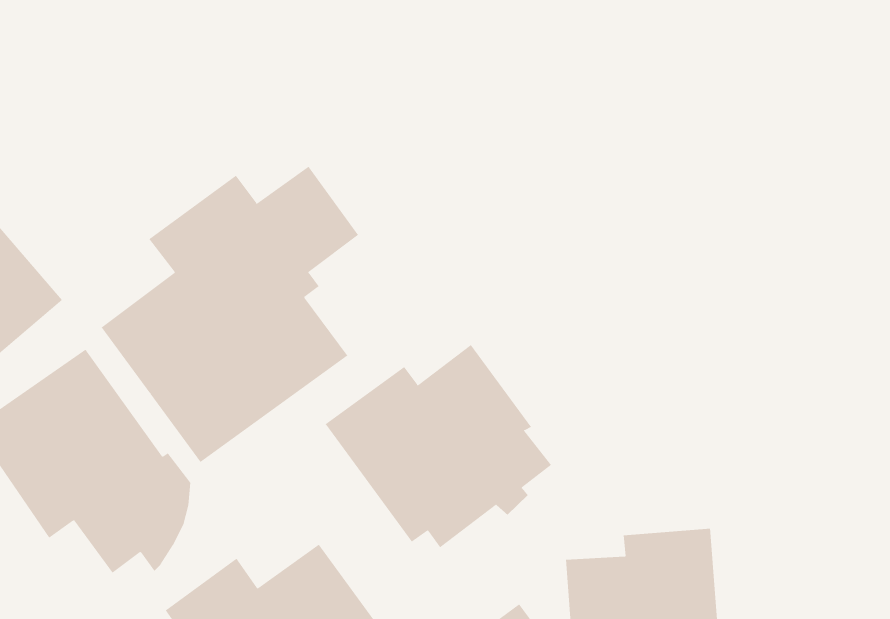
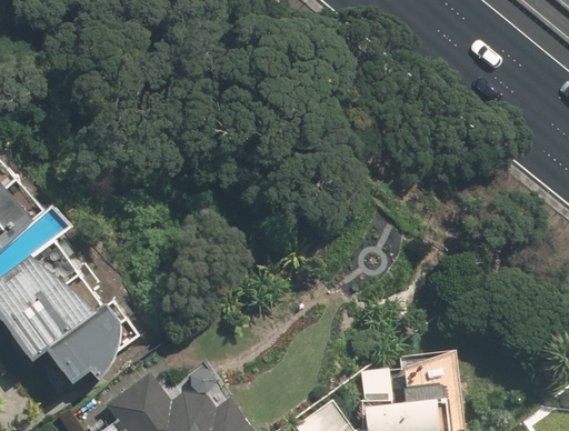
building: [101,166,359,463] -> none
building: [325,344,552,548] -> none

